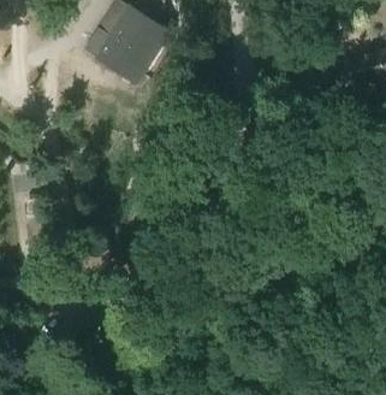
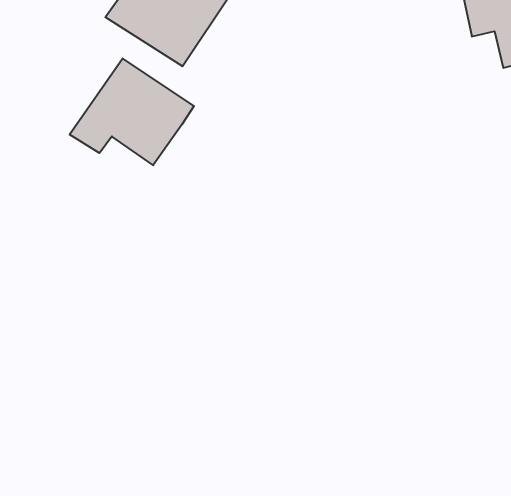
building: none -> [70,58,194,165]

